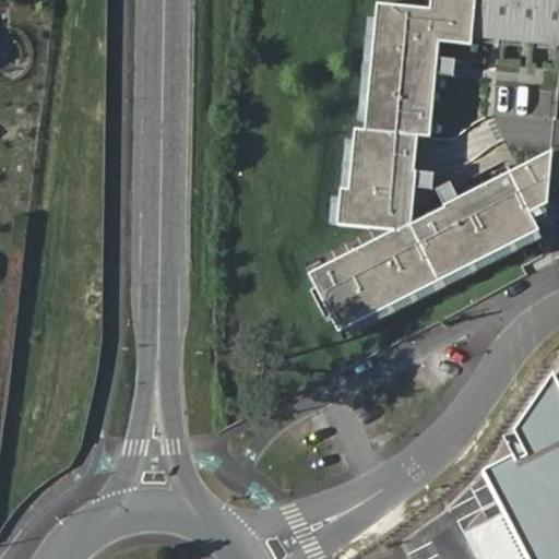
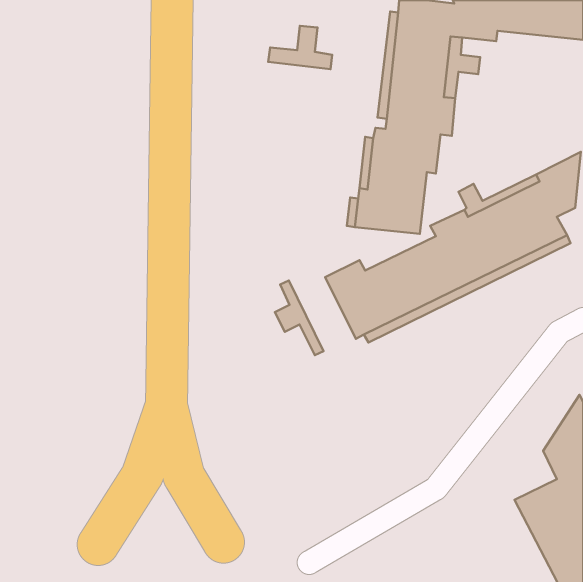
building: none -> [268,26,332,69]
building: [344,166,435,260] -> none
building: none -> [275,281,324,355]

